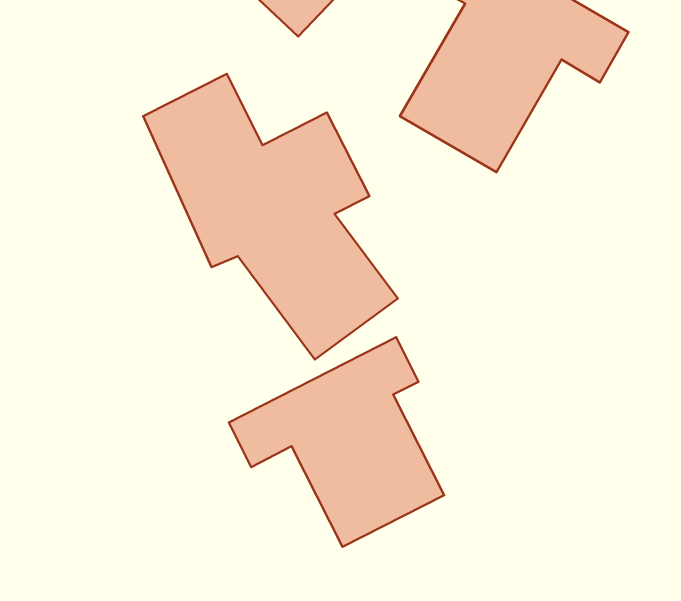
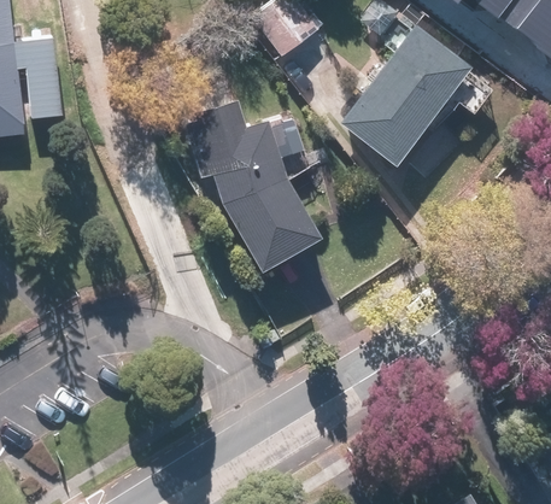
building: [229,337,444,547] -> none

